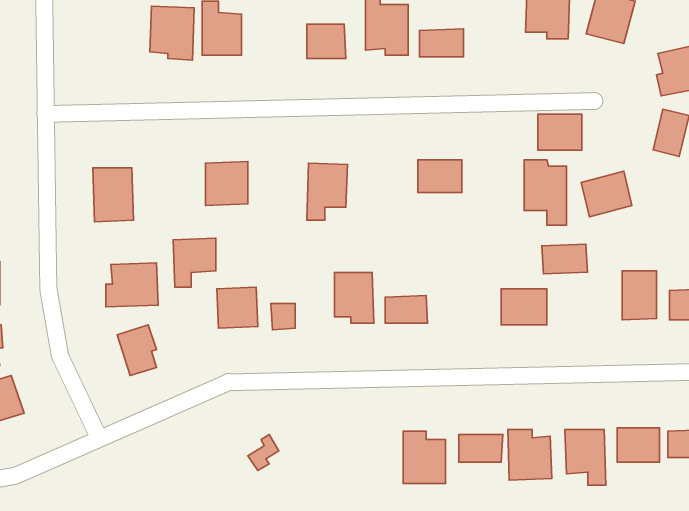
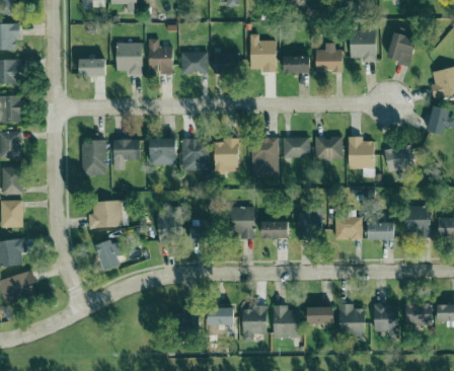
building: none -> [315,43,343,72]
building: none -> [181,51,209,74]
building: none -> [80,58,106,77]
building: [538,114,582,150] -> [315,137,343,159]
building: none -> [251,138,279,177]
building: none -> [181,139,209,170]
building: [173,238,216,287] -> [114,139,140,169]
building: [542,244,588,274] -> [368,222,396,240]
building: none -> [298,211,321,237]
building: none -> [243,307,267,342]
building: none -> [208,308,235,336]

